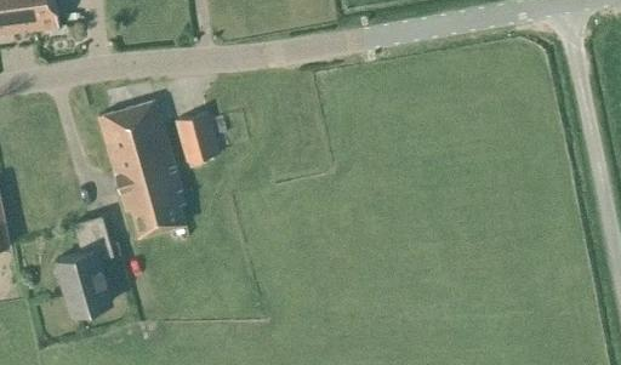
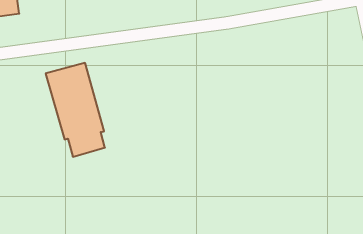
building: [173,112,220,164] -> none
building: [56,216,110,314] -> none

